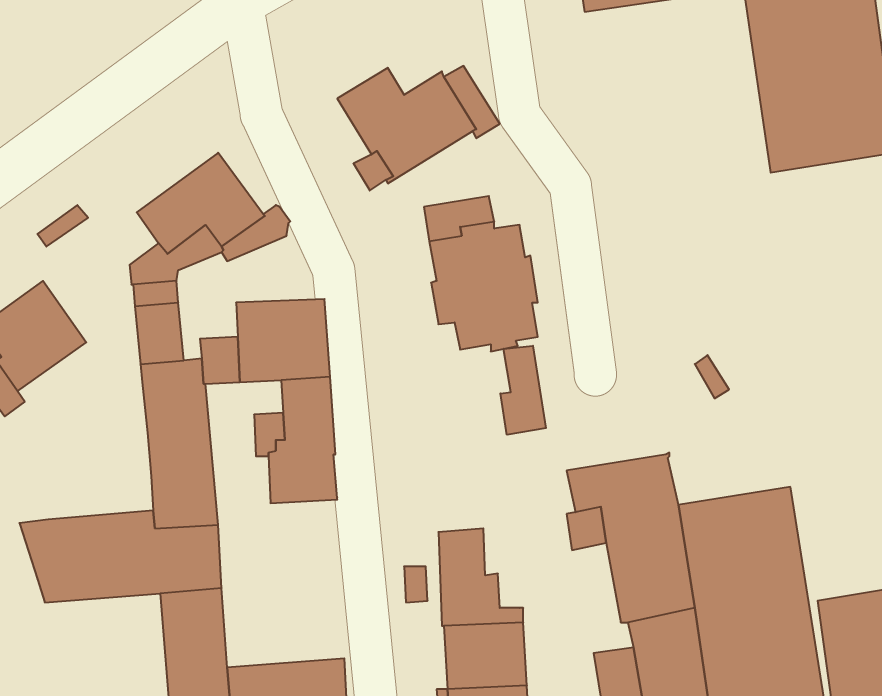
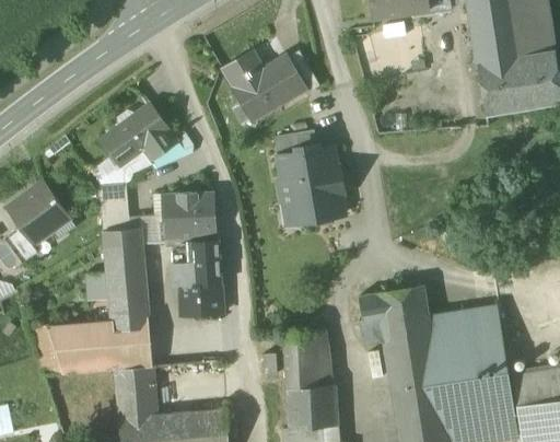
building: [500,346,546,435] -> none
building: none -> [84,274,109,302]
building: none -> [311,330,332,380]

